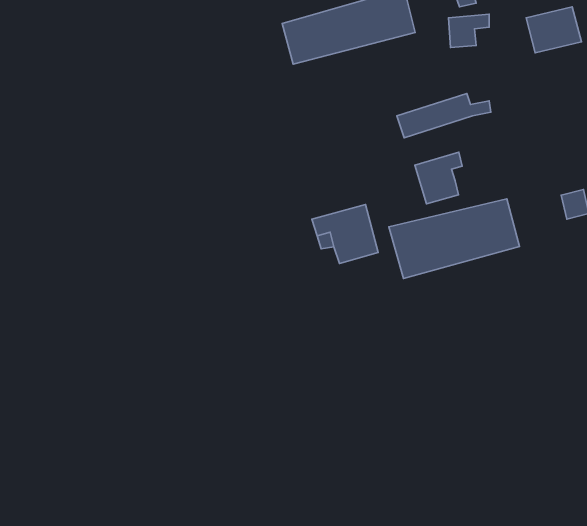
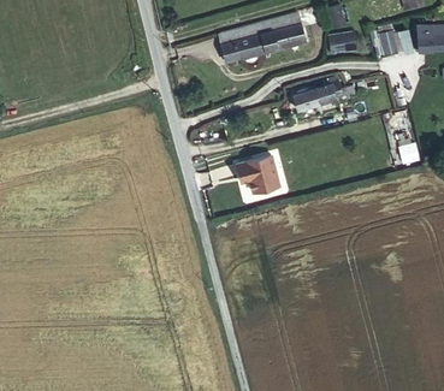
building: [415,152,462,204] -> none
building: [389,199,520,279] -> none

